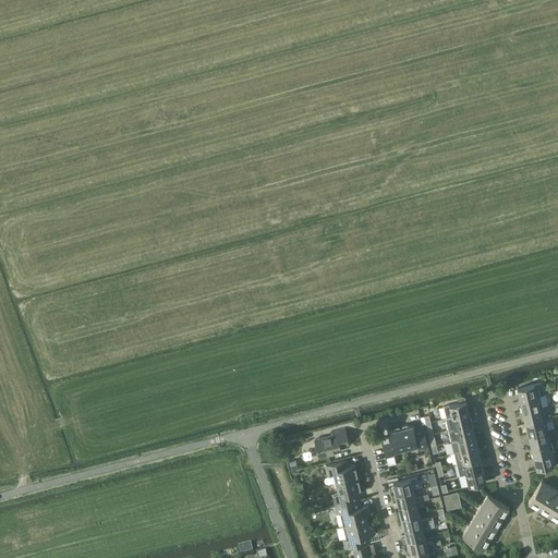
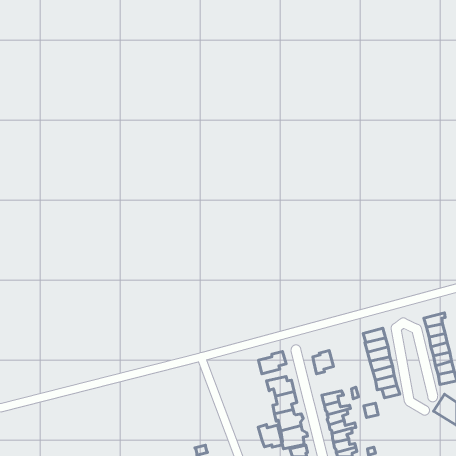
building: [402,425,428,449] -> none
building: [463,495,510,548] -> none
building: none -> [258,424,282,447]

